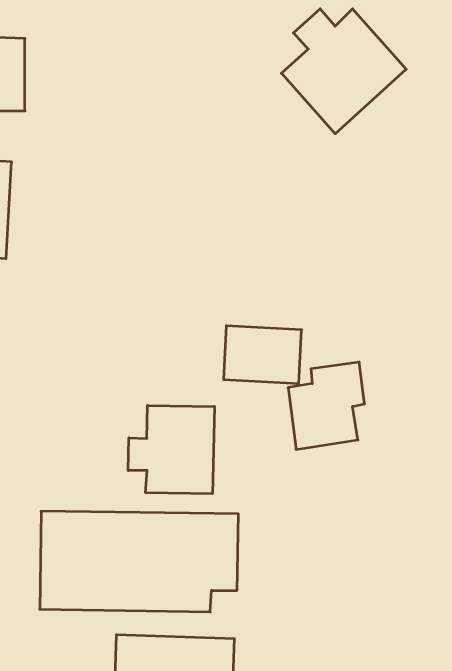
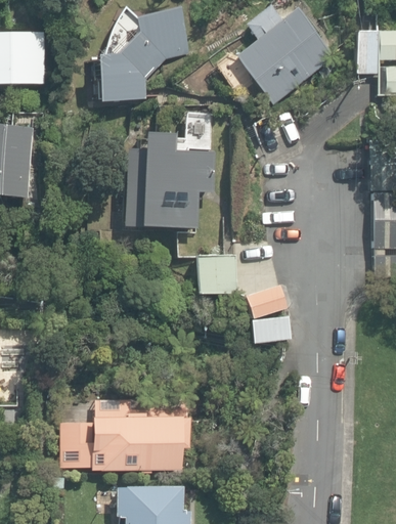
building: none -> [84,9,192,107]
building: none -> [123,120,215,227]
building: [128,405,214,494] -> none

